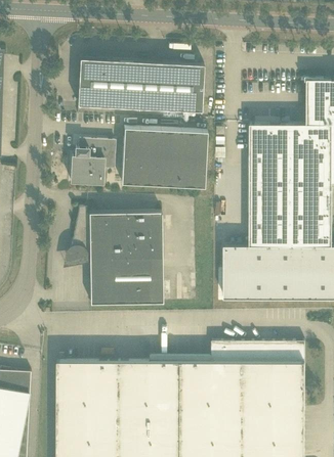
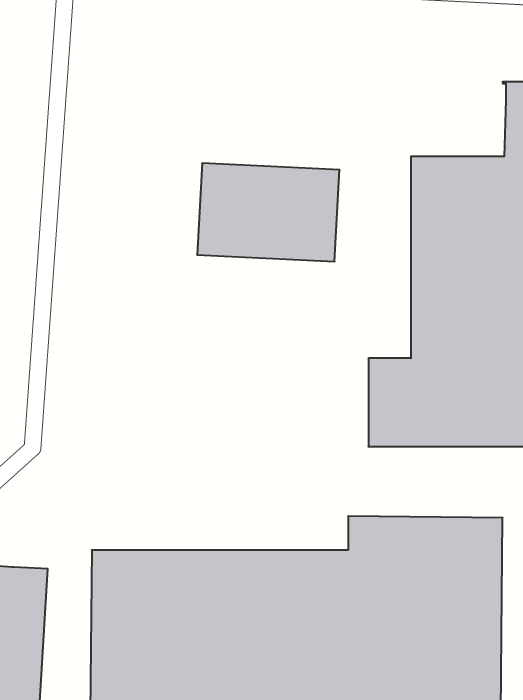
building: [77,58,204,111] -> none
building: [71,139,115,185] -> none
building: [69,208,163,304] -> none

